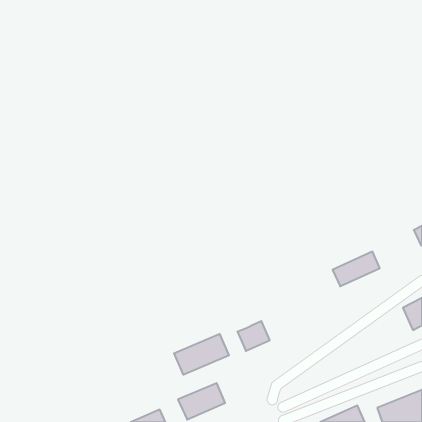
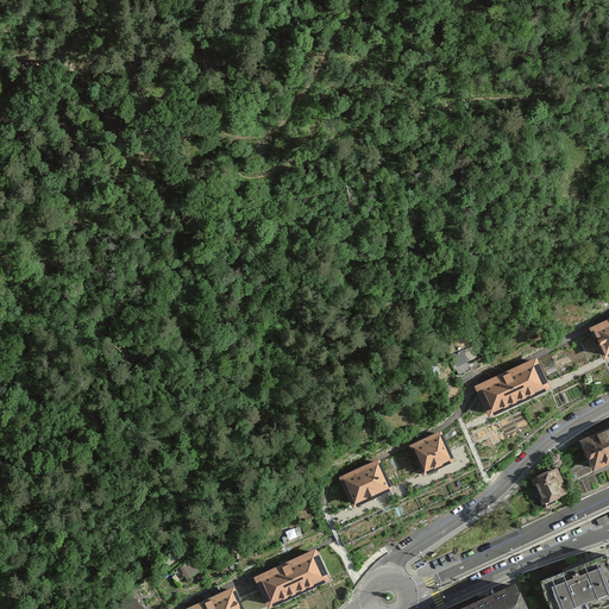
building: none -> [415,434,450,469]
building: none -> [530,470,569,509]
building: [174,334,229,375] -> none

